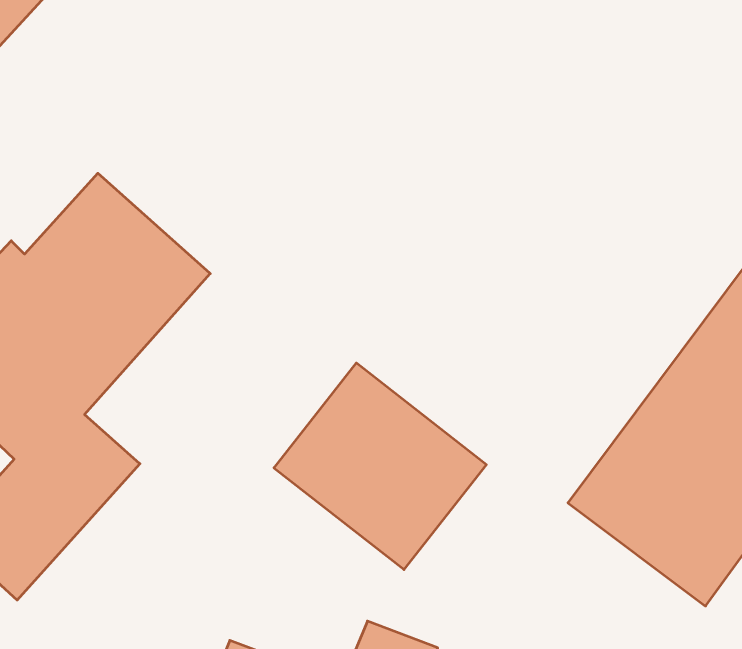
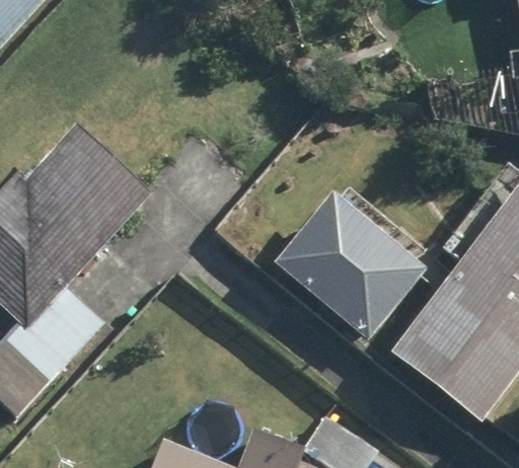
building: [274,363,486,570] -> [283,199,427,338]

